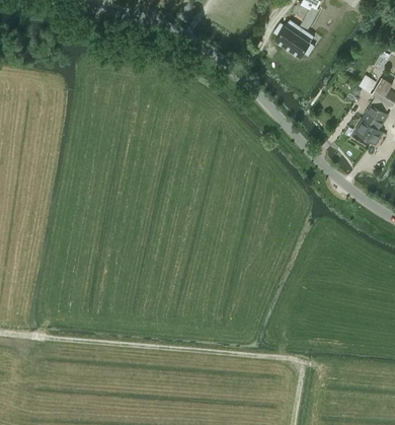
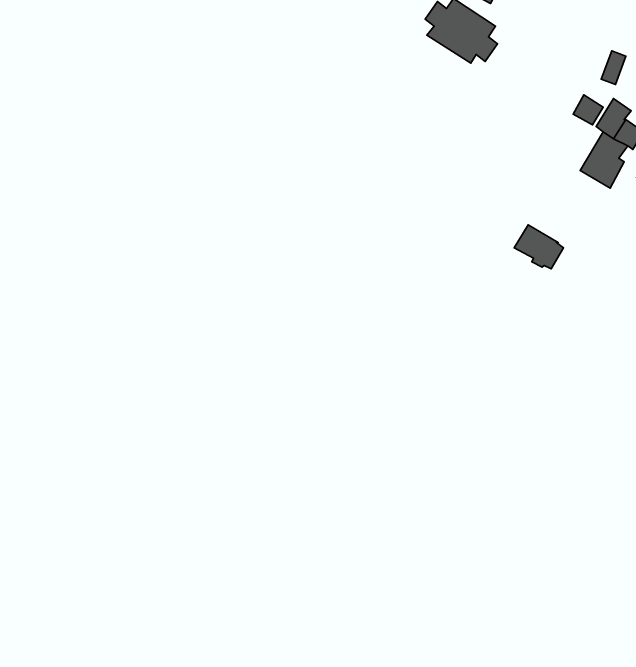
building: [353,120,382,145] -> [514,225,563,269]

